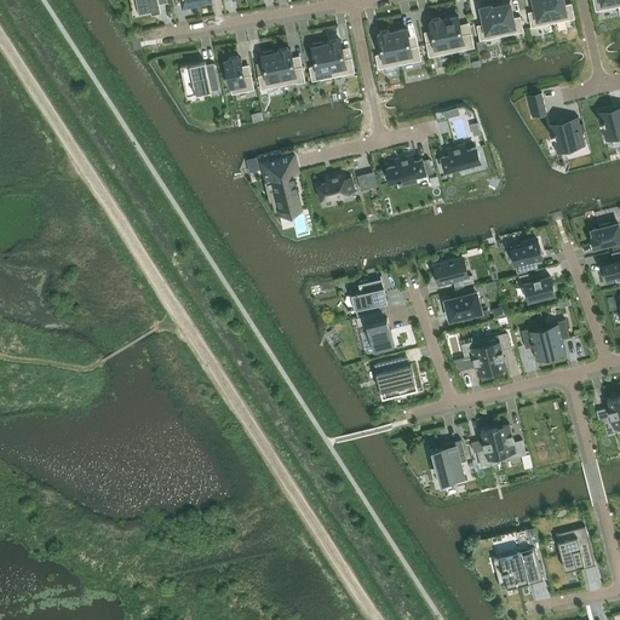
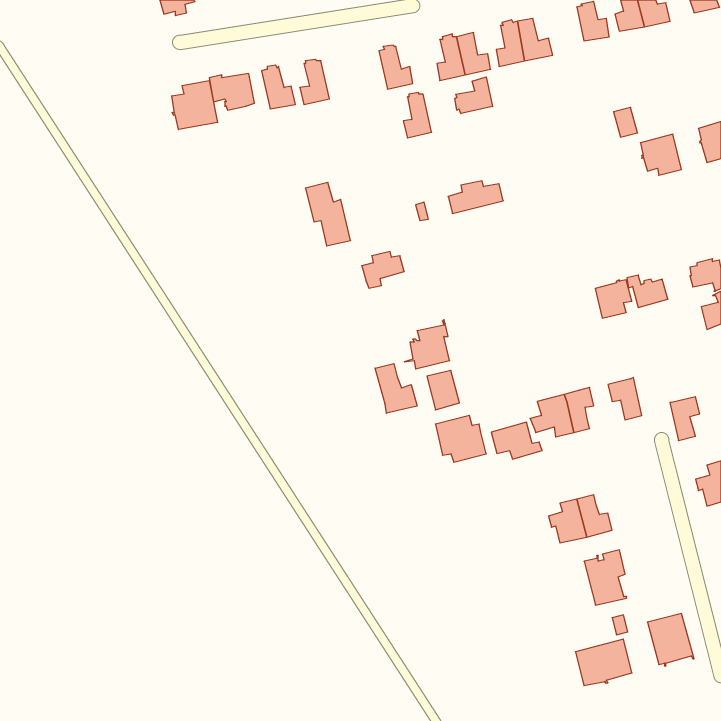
building: [476,6,500,41] -> none
building: [308,44,332,82] -> [403,93,432,138]
building: [275,48,304,86] -> none
building: none -> [455,77,493,114]
building: none -> [172,80,218,130]
building: [441,145,480,171] -> none
building: [317,174,354,206] -> [362,252,404,288]
building: [434,259,472,287] -> none
building: [518,274,553,302] -> [627,275,668,308]
building: [444,293,488,325] -> [491,422,542,459]
building: none -> [375,364,417,413]
building: [542,320,568,357] -> [670,397,700,441]
building: [430,440,466,487] -> [584,550,627,605]

